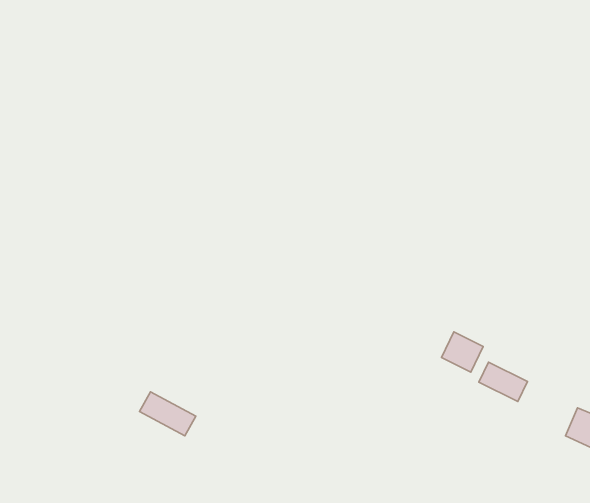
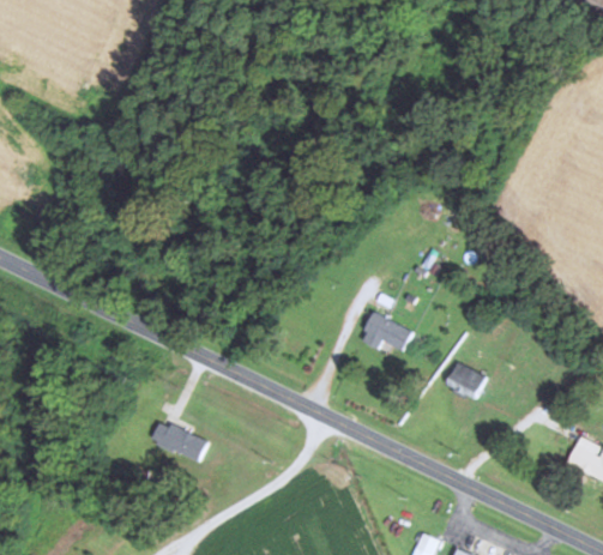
building: none -> [360,312,412,351]
building: [479,362,527,402] -> none

